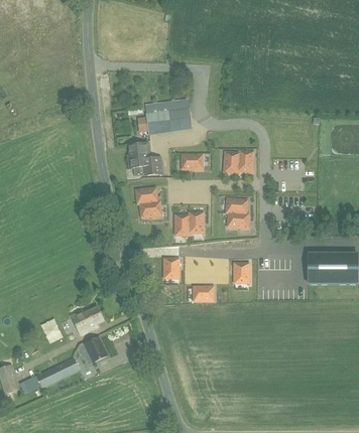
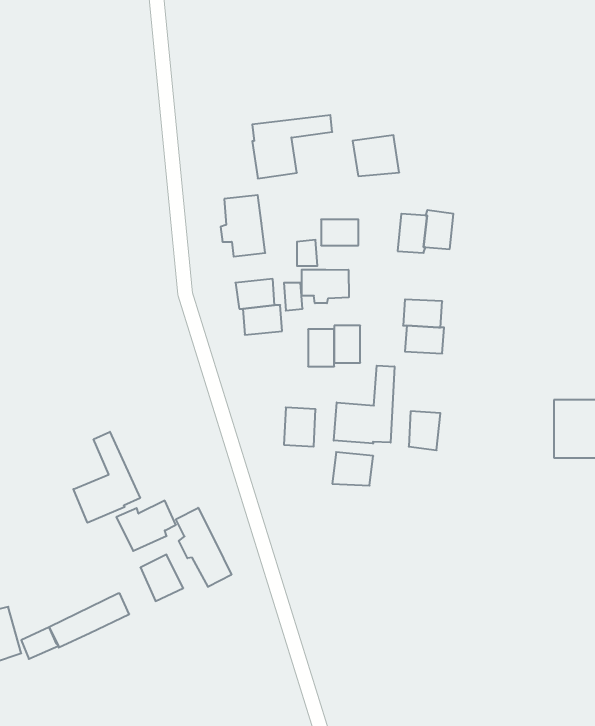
building: [166,108,192,130] -> [353,135,399,176]
building: none -> [302,270,349,303]
building: none -> [334,366,394,444]
building: none -> [73,432,140,523]
building: none -> [176,508,231,587]

